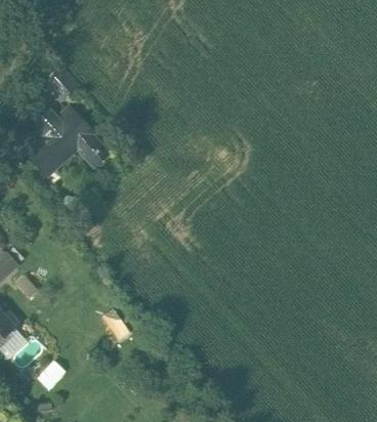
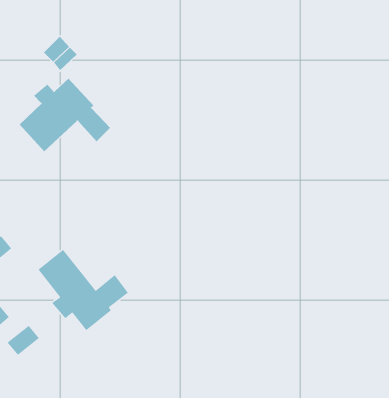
building: none -> [37,249,129,331]

